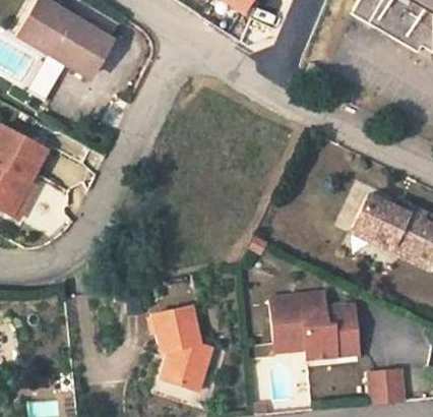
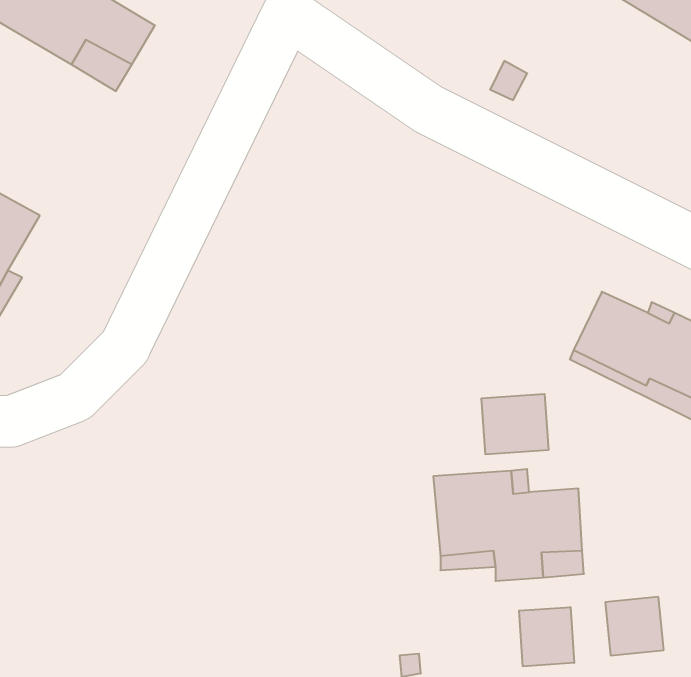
building: none -> [482,394,548,454]
building: [152,304,212,390] -> none
building: none -> [519,607,574,666]

